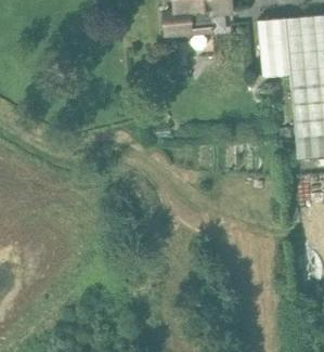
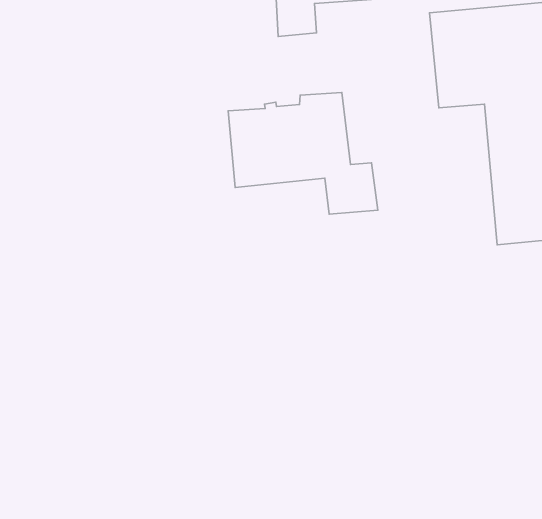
building: none -> [228,92,378,214]

